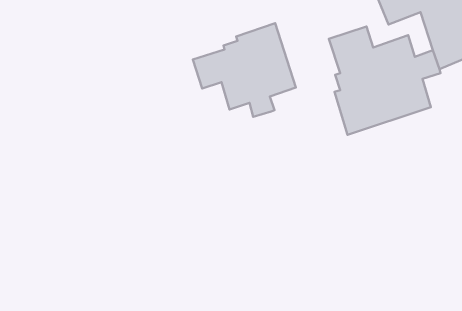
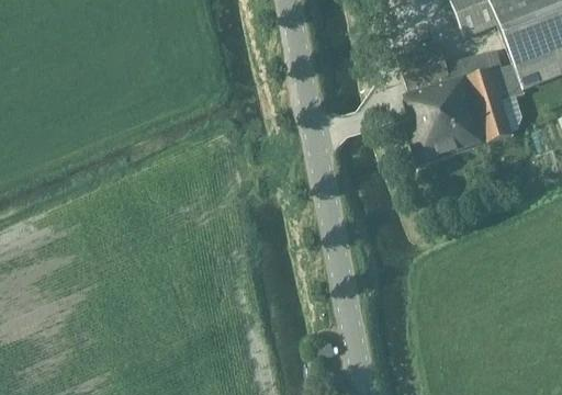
building: [193,23,296,117] -> none

